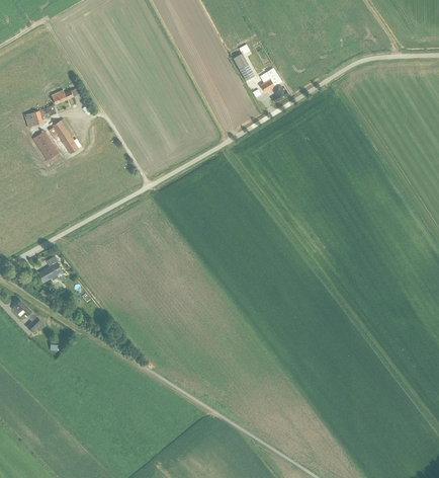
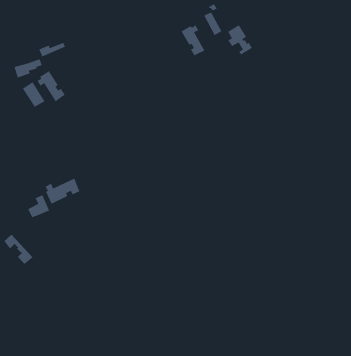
building: none -> [180,24,206,57]
building: none -> [44,177,81,205]

